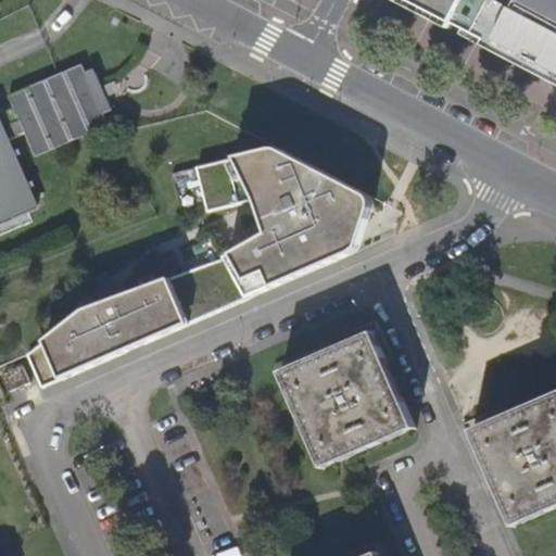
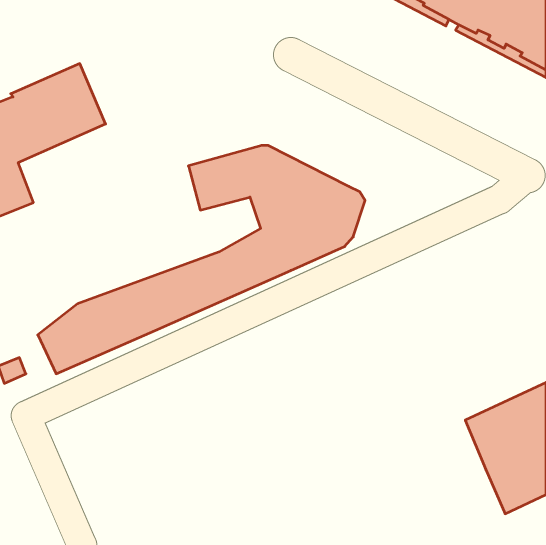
building: [278,329,410,463] -> none

